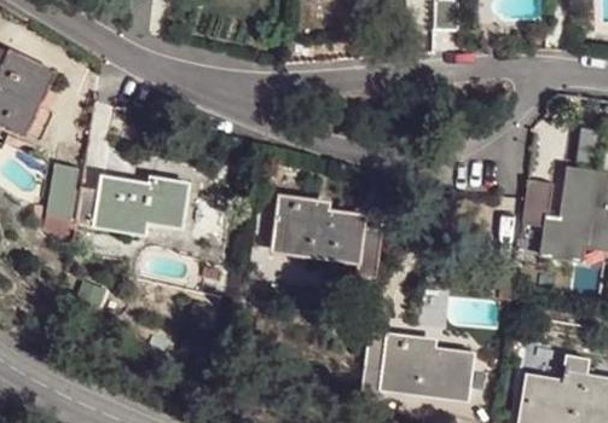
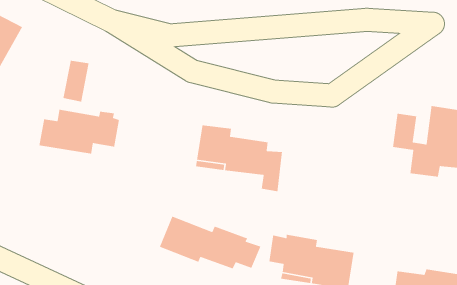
building: [45,161,79,214] -> [63,60,90,102]
building: none -> [159,215,261,270]

